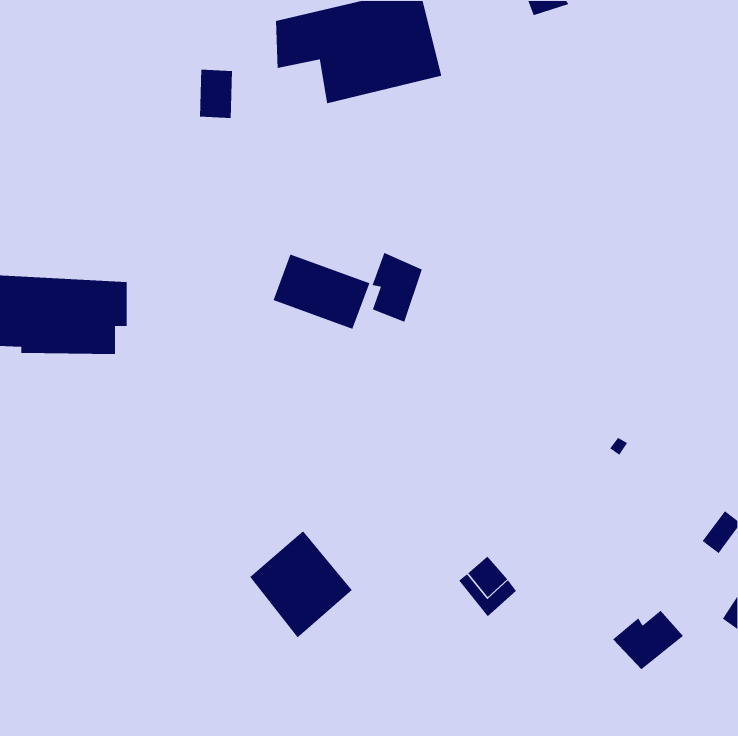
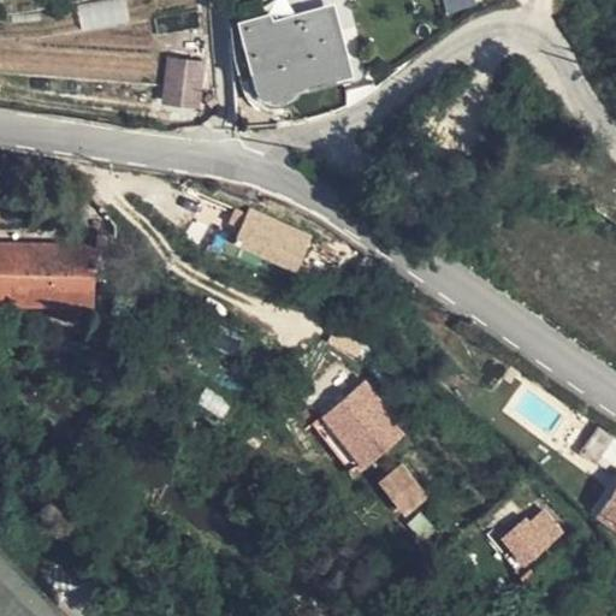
building: [372,252,423,323] -> none
building: [249,530,353,639] -> [313,387,398,476]

